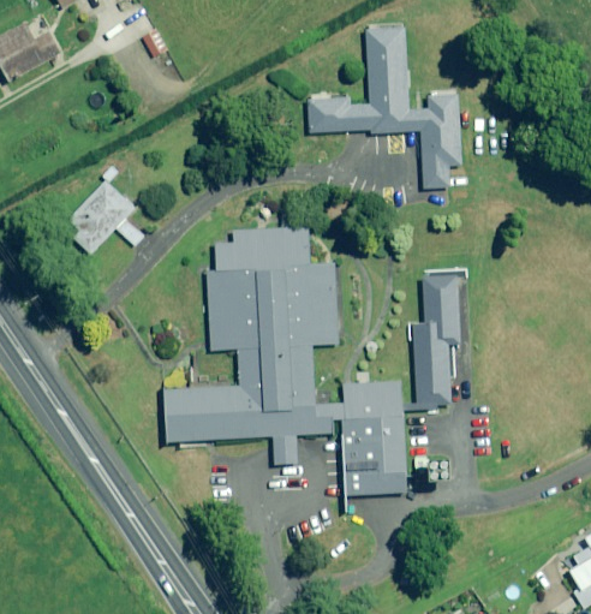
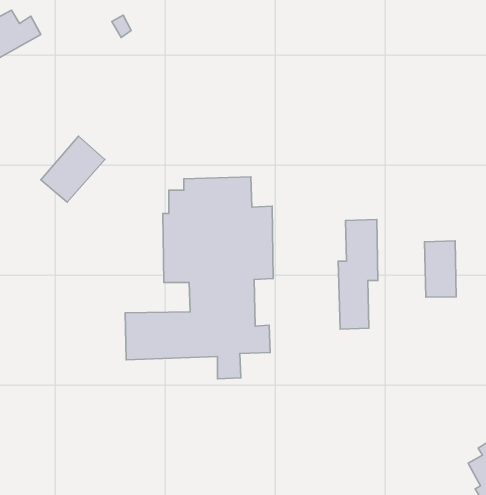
building: [308,25,461,189] -> none
building: none -> [425,241,456,297]
building: [341,380,405,494] -> none

